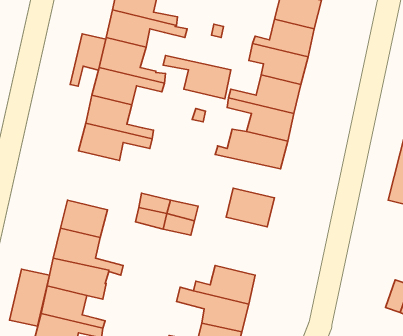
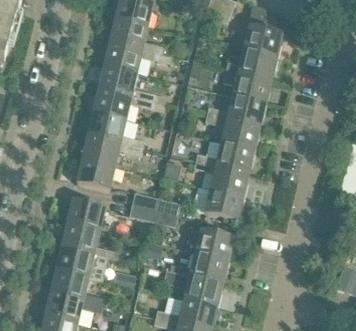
building: [70,34,106,86] -> none
building: [163,55,231,99] -> [193,159,249,195]
building: none -> [77,156,116,189]
building: none -> [184,225,234,259]
building: [9,269,49,326] -> none

